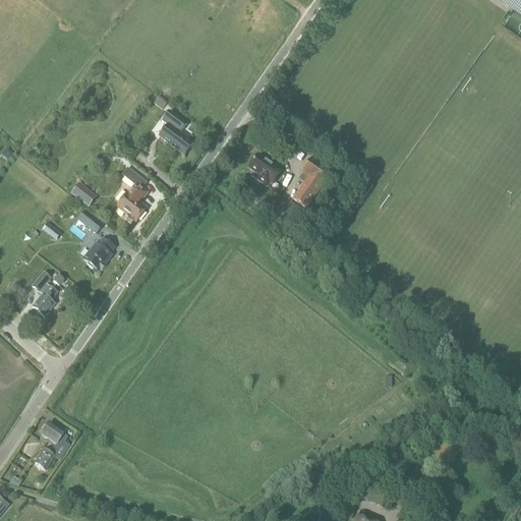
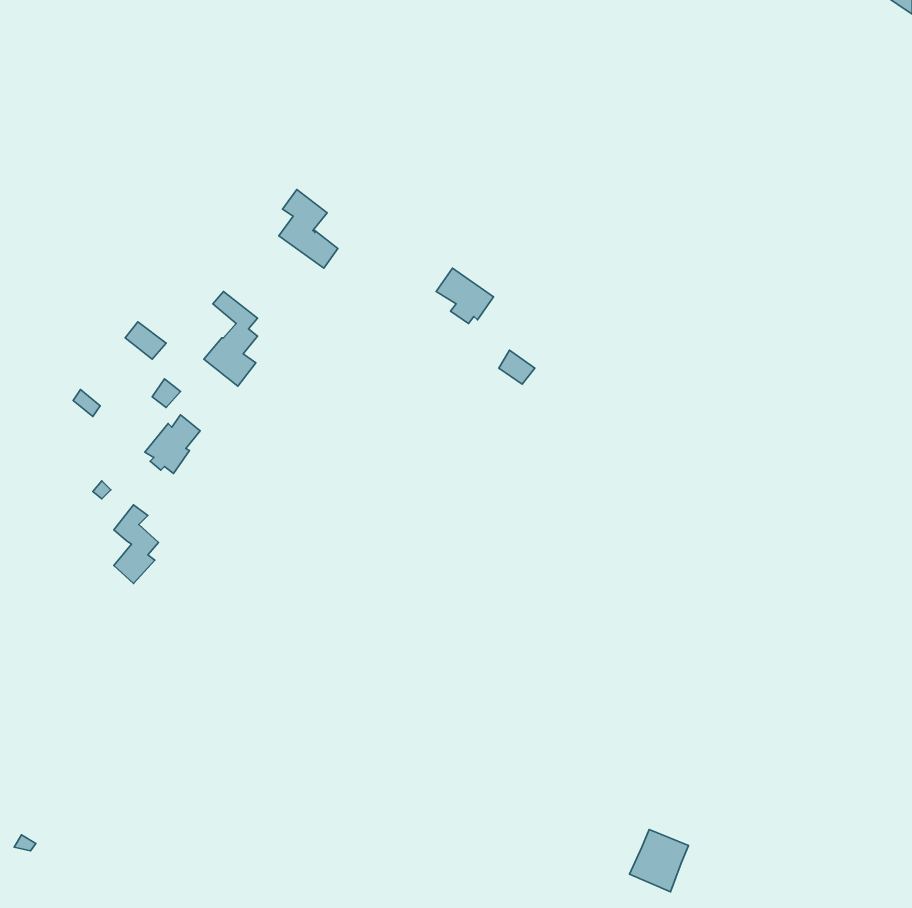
building: [292,156,332,207] -> none
building: [32,271,57,315] -> [114,505,158,584]
building: [33,420,65,469] -> none

